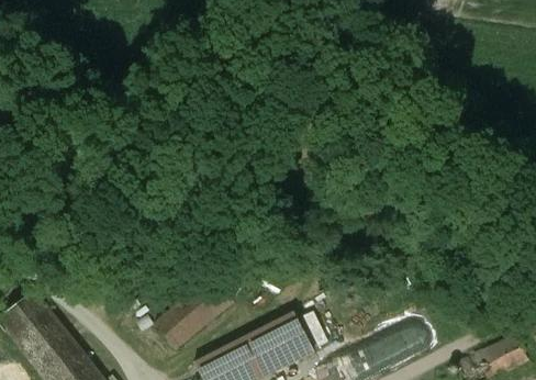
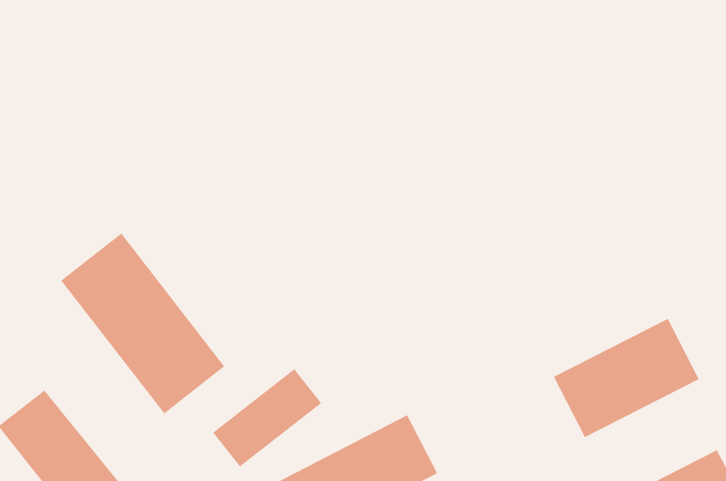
building: none -> [60,233,225,414]
building: none -> [553,318,700,438]

